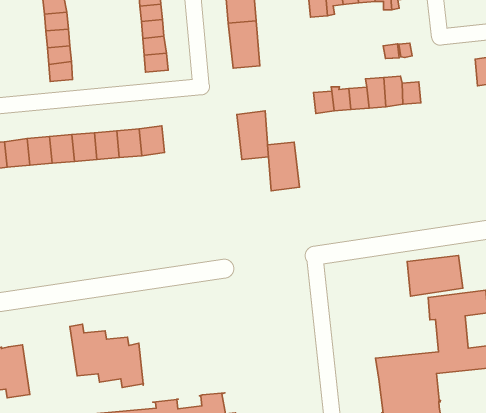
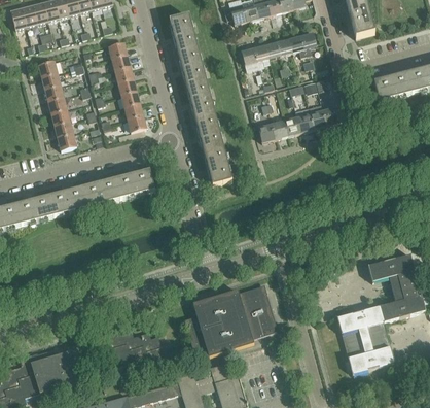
building: [268,142,299,191] -> [195,112,224,151]
building: [407,255,463,296] -> none
building: none -> [184,283,278,355]

